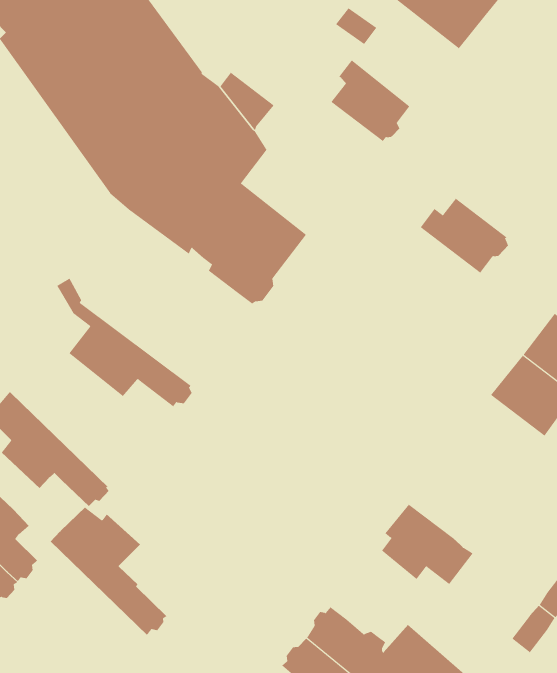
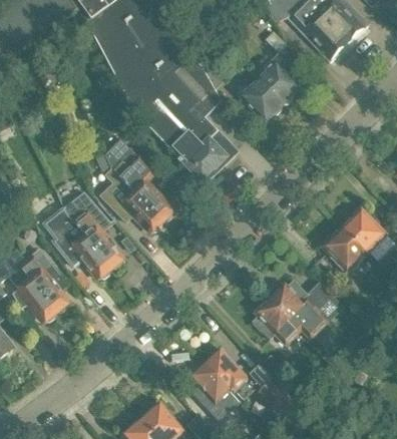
building: [420,198,509,274] -> [236,78,282,120]
building: none -> [105,138,172,220]
building: none -> [270,280,342,337]
building: [50,507,167,636] -> [66,194,123,268]

